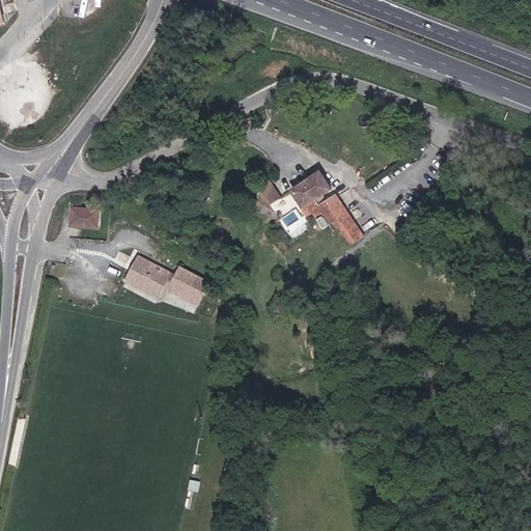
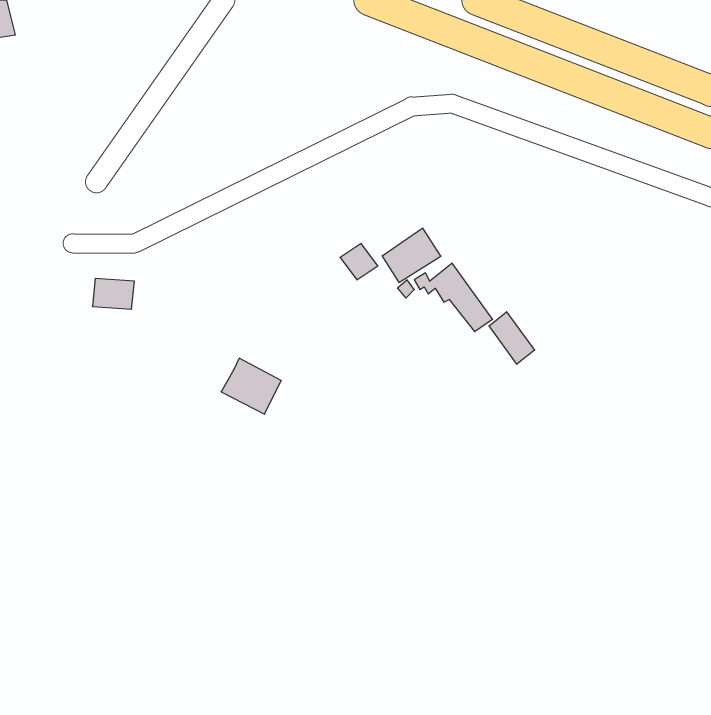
building: none -> [489,312,535,364]
building: [123,255,173,301] -> none

